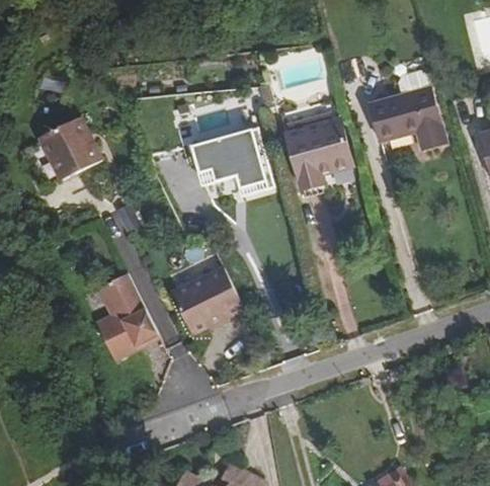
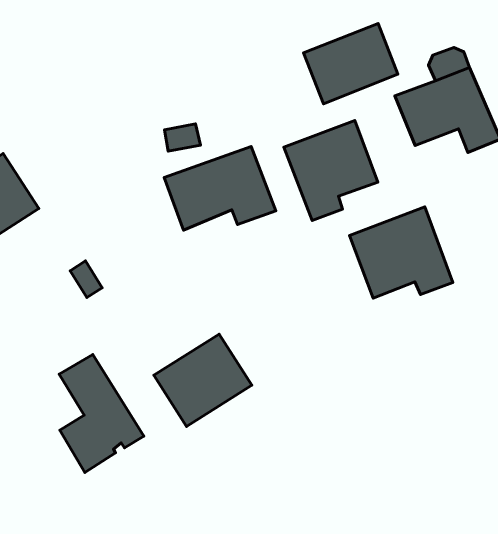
building: none -> [304,23,398,104]
building: none -> [349,207,453,298]

